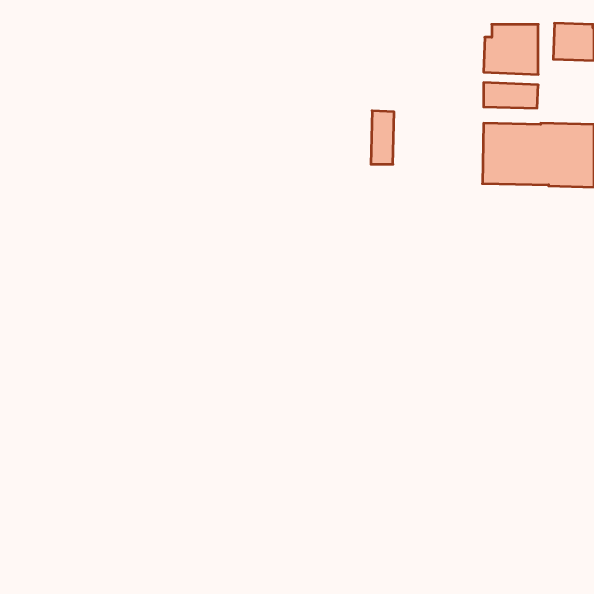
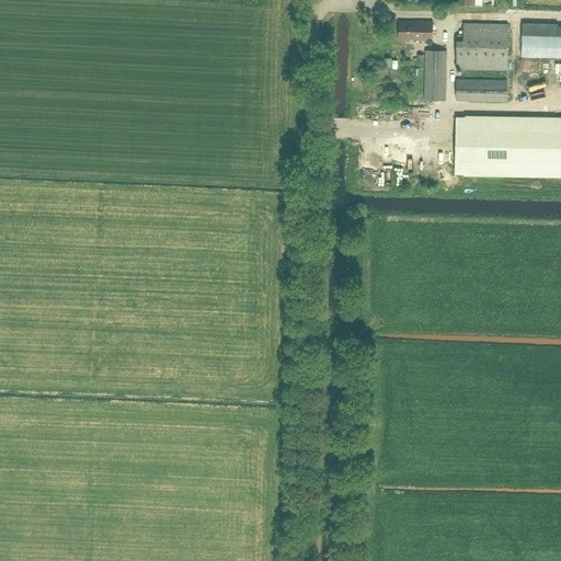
building: none -> [398,21,433,41]
building: [371,111,394,164] -> [424,49,446,100]

